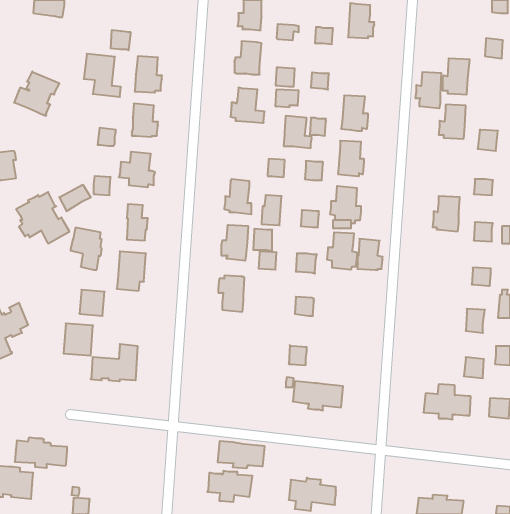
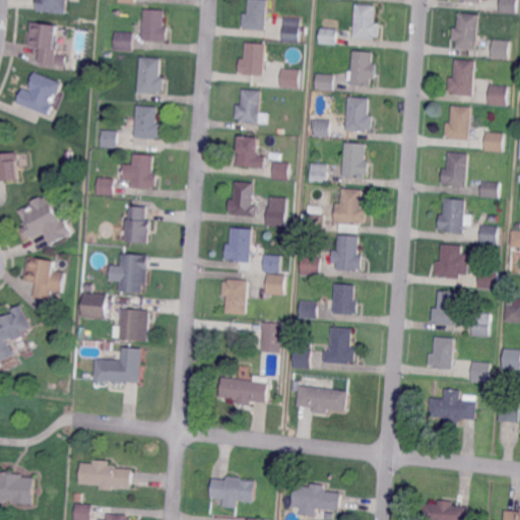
building: none -> [140,8,166,42]
building: none -> [344,50,375,85]
building: [84,54,121,97] -> [26,22,64,66]
building: [415,72,441,108] -> [450,13,476,50]
building: none -> [486,84,506,106]
building: [275,89,299,107] -> none
building: [284,116,312,148] -> [234,136,262,169]
building: none -> [440,151,467,187]
building: [59,185,91,211] -> none
building: [71,228,102,270] -> [21,257,53,300]
building: [253,229,272,251] -> [264,273,283,296]
building: [357,239,383,270] -> [332,282,358,314]
building: none -> [433,244,468,278]
building: none -> [430,290,456,324]
building: none -> [259,323,280,352]
building: none -> [322,326,352,363]
building: [64,323,93,356] -> [118,309,147,341]
building: none -> [427,337,454,370]
building: [15,438,67,468] -> [78,459,131,490]
building: [218,441,265,468] -> [218,378,266,405]

